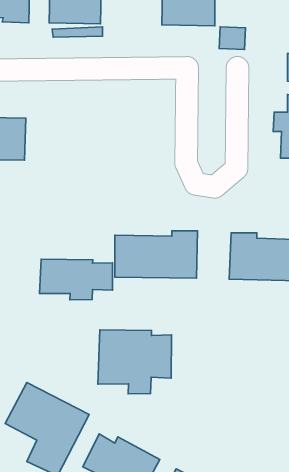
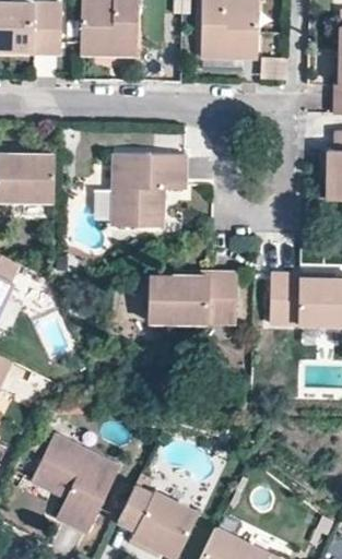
building: none -> [109,151,185,224]
building: [40,259,113,300] -> none
building: [98,330,171,394] -> none

